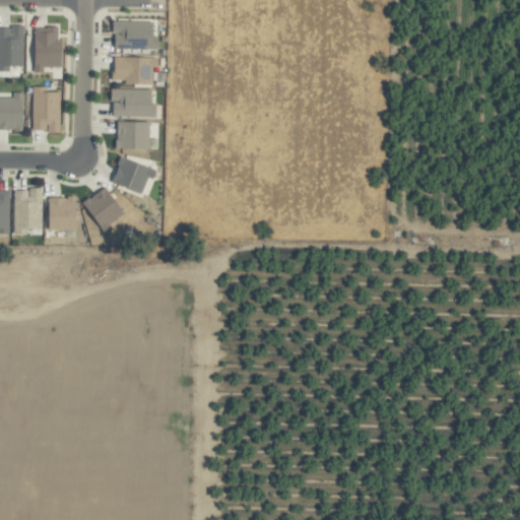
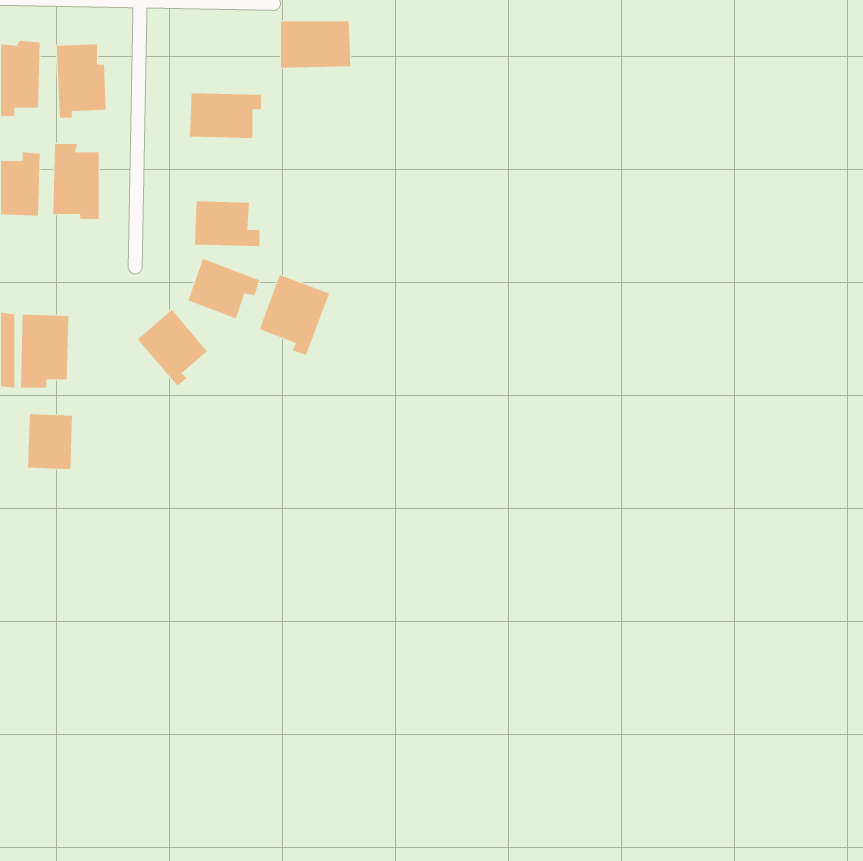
building: [114,20,156,49] -> [280,21,351,68]
building: [112,88,157,117] -> none
building: none -> [259,274,330,356]
building: [50,196,77,230] -> [27,414,73,469]

